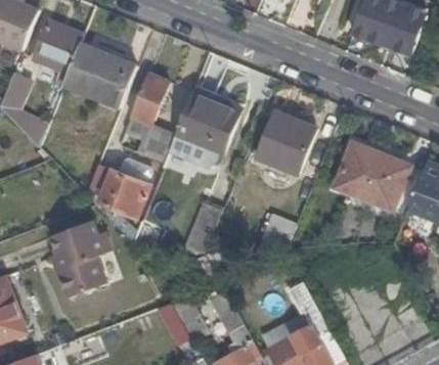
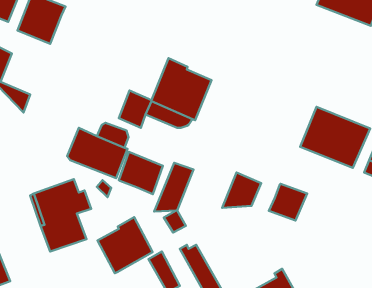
building: [63,43,137,108] -> none
building: [132,74,170,124] -> none
building: [257,111,316,173] -> none
building: none -> [119,152,163,194]
building: none -> [269,184,307,221]
building: none -> [98,217,152,273]

